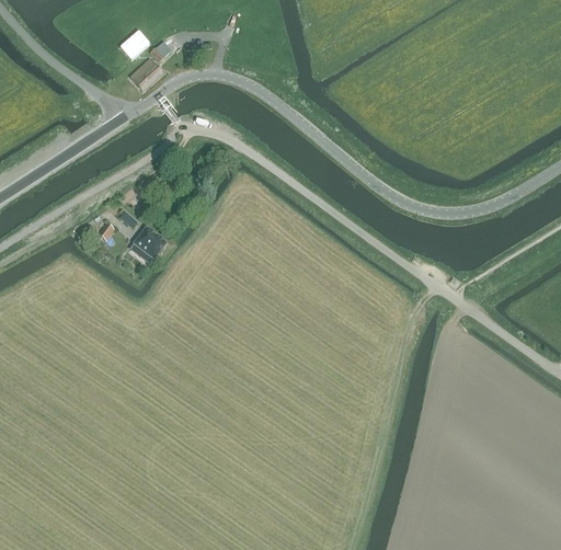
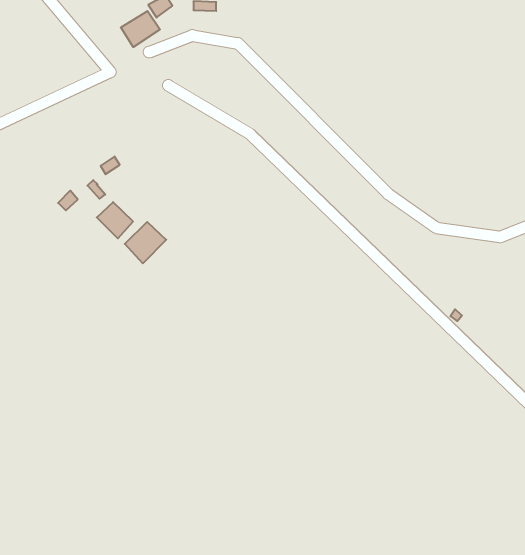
building: none -> [125,222,166,263]

